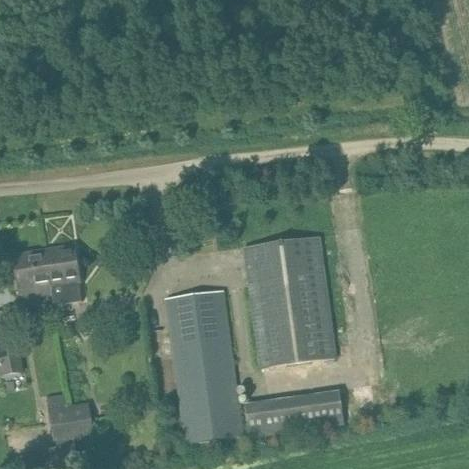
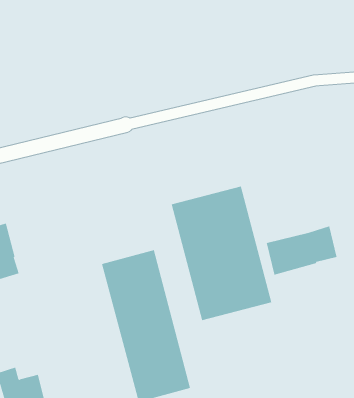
building: none -> [266,226,337,275]
building: [245,389,345,436] -> none

